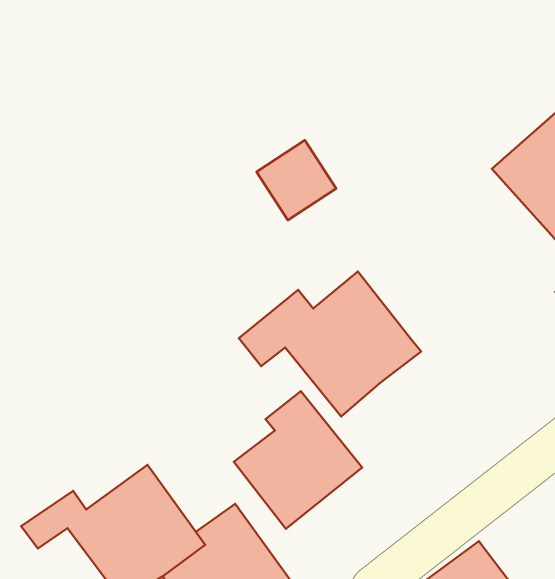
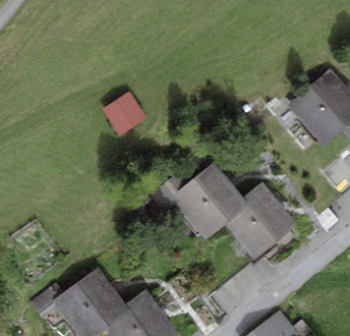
building: [256,140,336,220] -> [102,94,145,137]
building: [234,391,362,529] -> [226,184,296,260]

